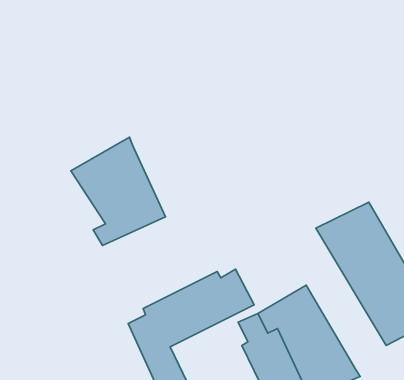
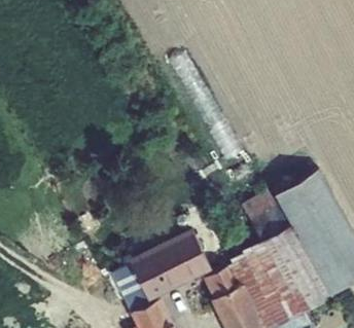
building: [71,137,166,246] -> none
building: none -> [250,195,337,307]

